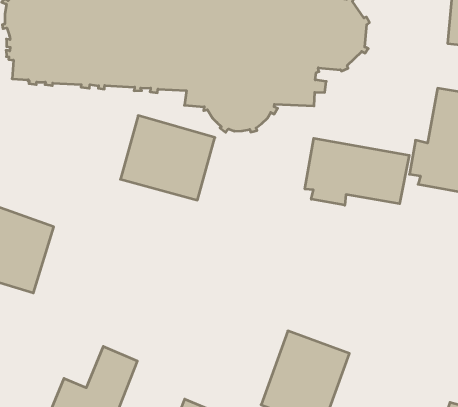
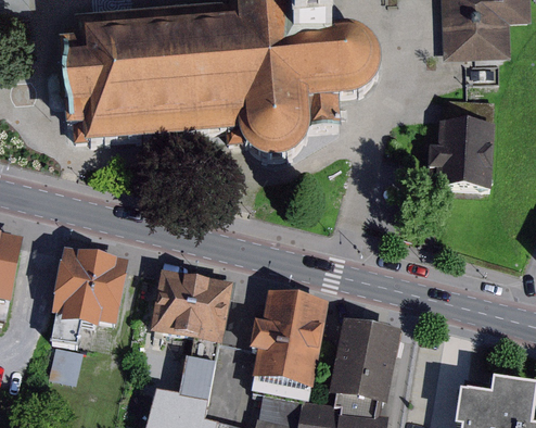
building: [120,116,215,200] -> [152,279,229,345]
building: [305,138,409,205] -> none
building: none -> [244,299,328,387]

